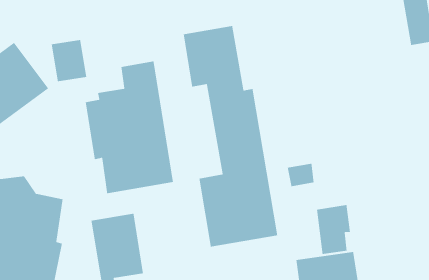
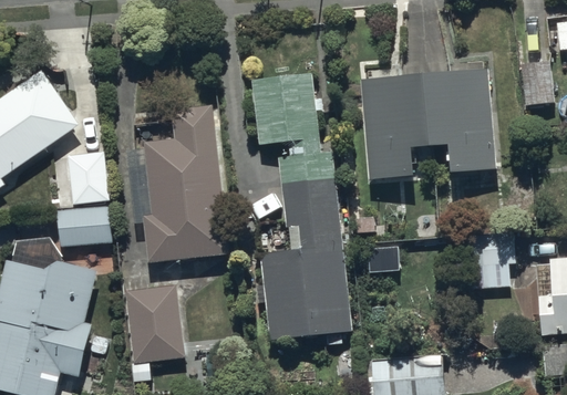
building: none -> [362,77,501,193]
building: [51,39,87,82] -> [66,152,107,201]
building: none -> [56,205,114,248]
building: [316,204,351,255] -> [475,229,515,288]

